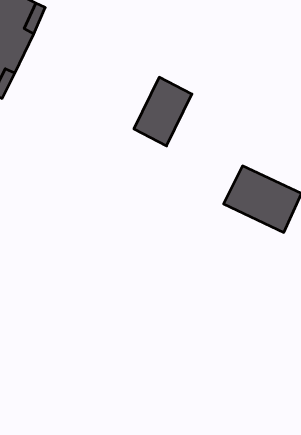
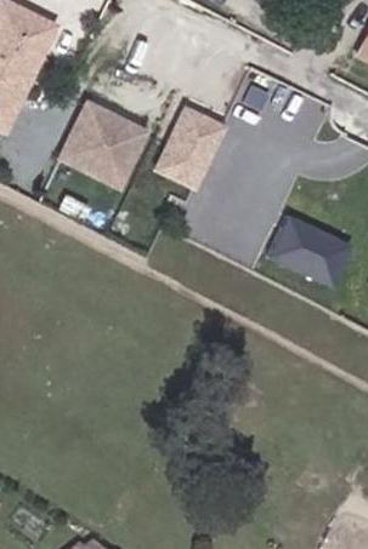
building: none -> [62,104,146,185]

